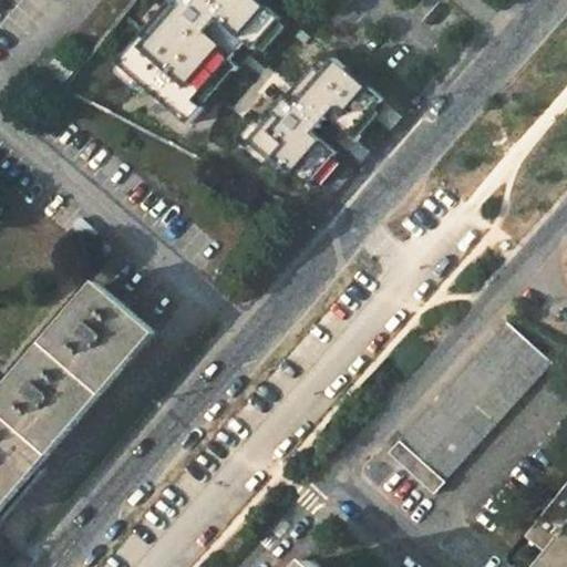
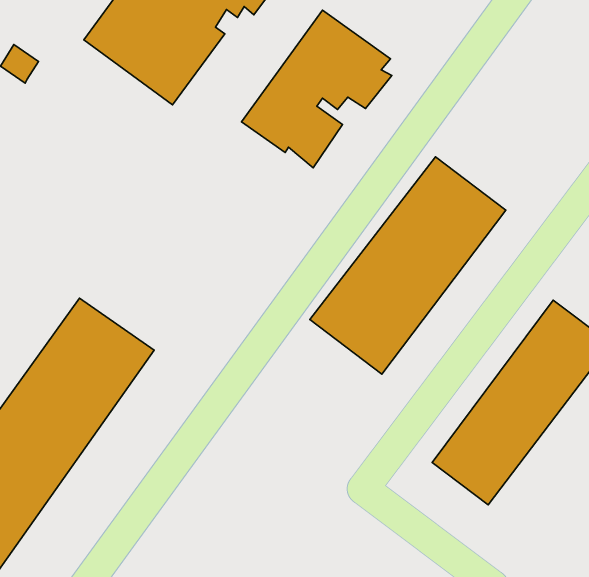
building: none -> [310,157,506,374]

